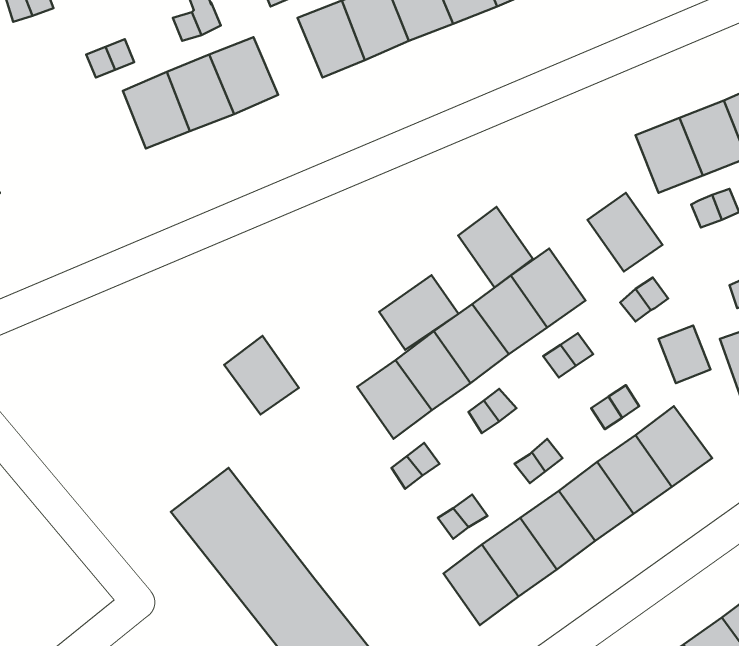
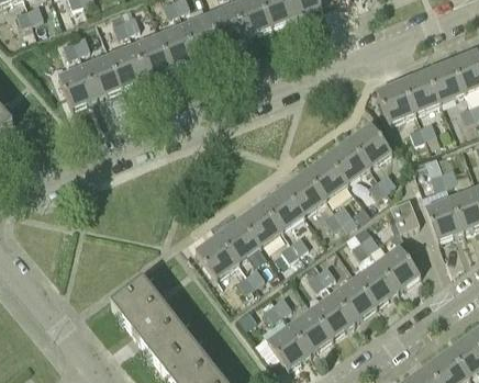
building: none -> [158,22,198,66]
building: none -> [58,64,97,108]
building: [458,207,533,288] -> [327,137,370,183]
building: [379,275,459,350] -> none
building: [224,336,299,415] -> [196,233,238,278]

